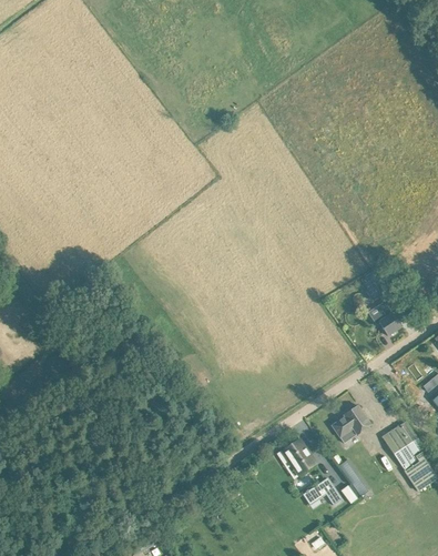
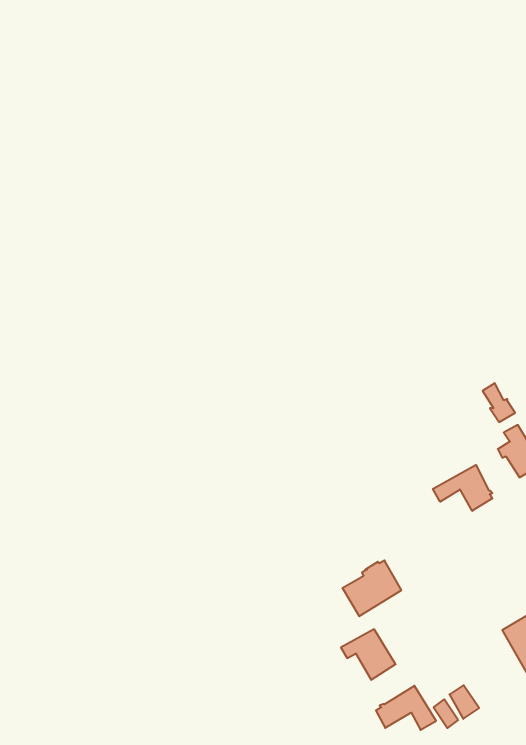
building: none -> [433,465,492,511]
building: [332,405,370,443] -> [342,560,401,616]

